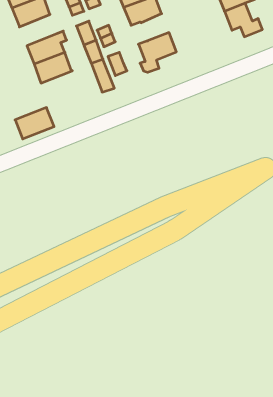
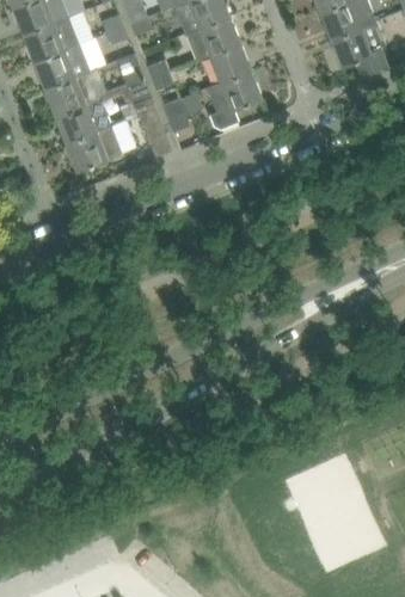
building: none -> [209,42,250,81]
building: none -> [33,43,88,88]
building: [15,108,54,139] -> [65,124,121,170]

